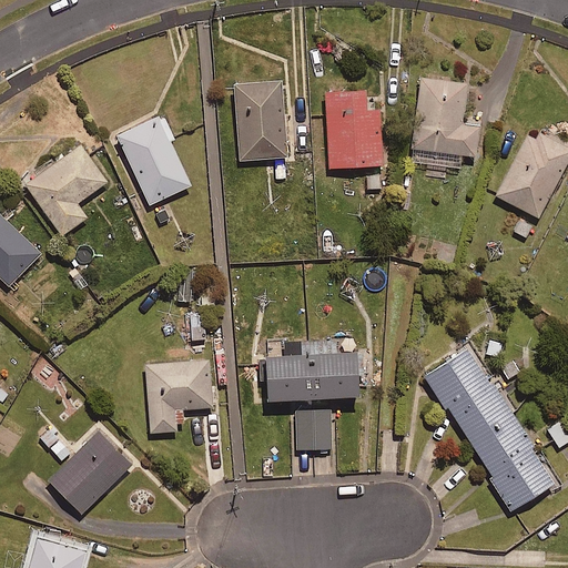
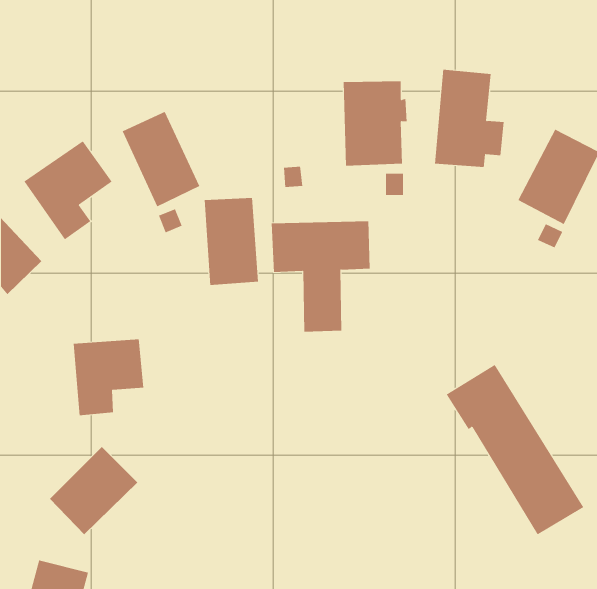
building: [235,78,287,161] -> [204,198,259,285]
building: [265,347,359,453] -> [271,221,370,332]
building: [145,362,213,435] -> [73,339,144,416]

